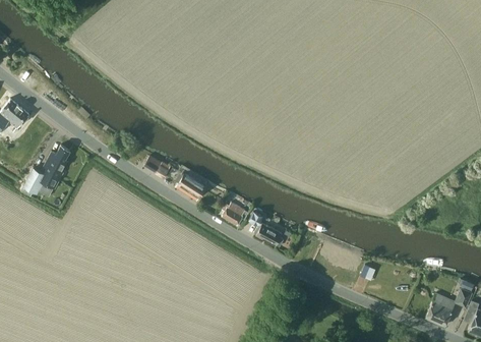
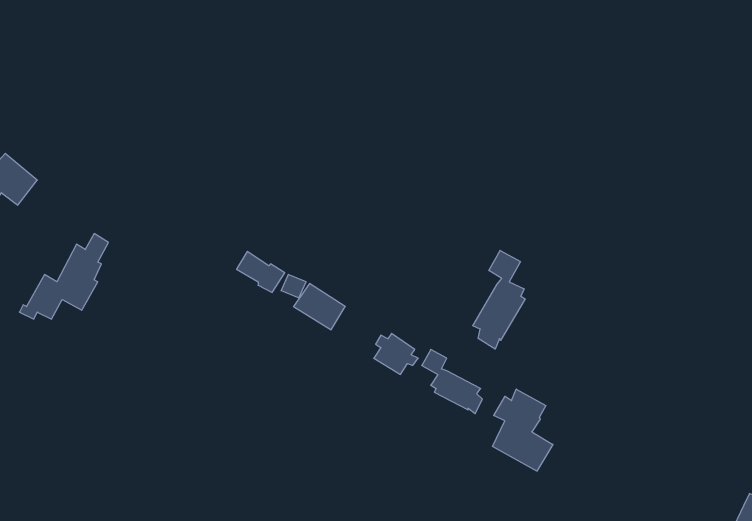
building: none -> [473,250,525,349]
building: none -> [492,389,553,471]

